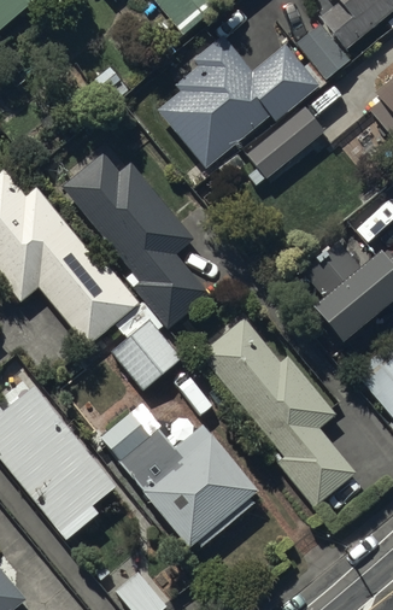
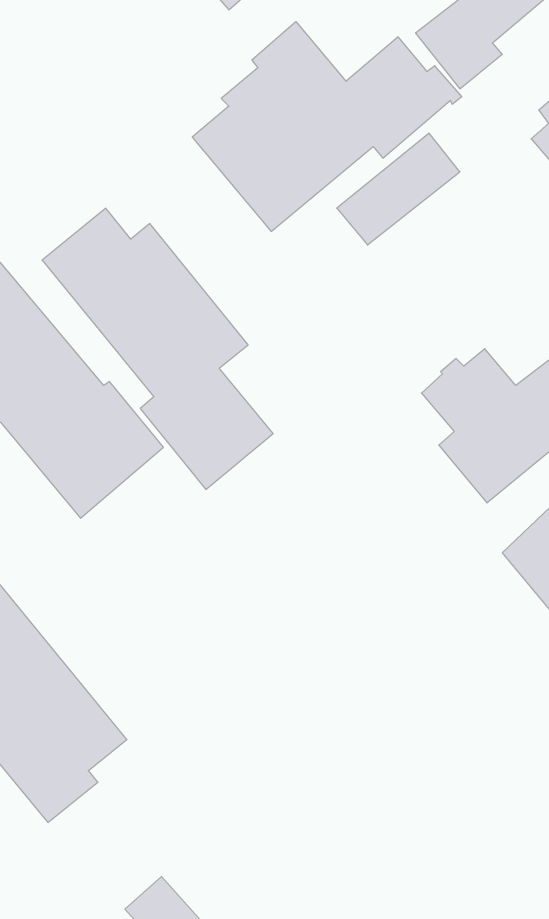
building: [108,304,181,391] -> none
building: [199,317,357,508] -> none
building: [100,404,257,546] -> none

